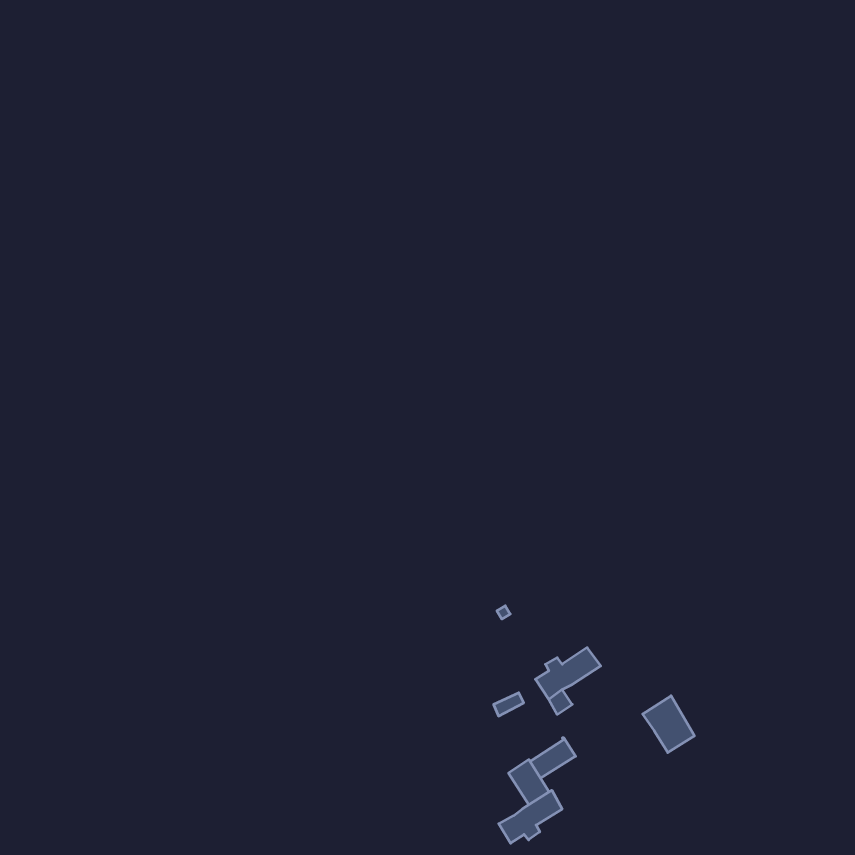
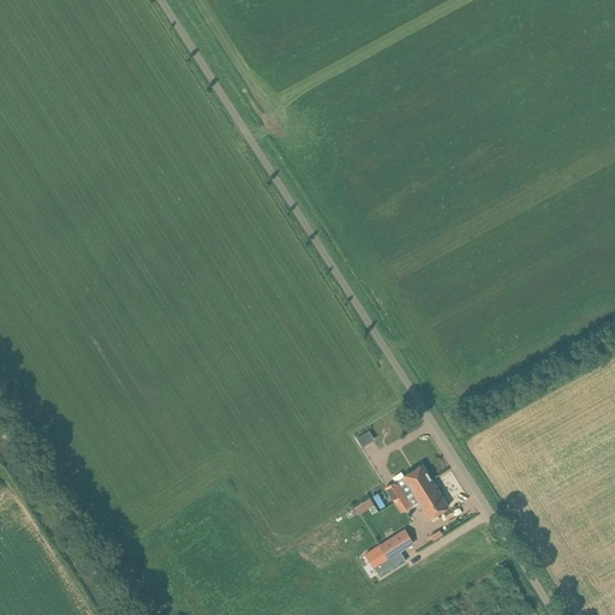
building: [643,696,694,753] -> [411,478,448,519]
building: [499,790,562,843] -> none

